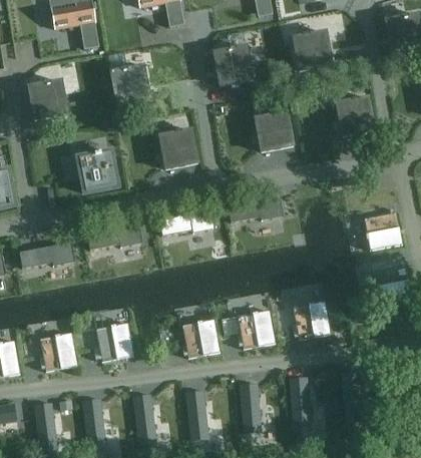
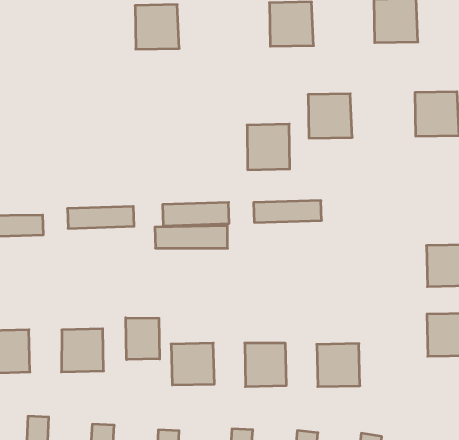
building: [30,79,69,119] -> none
building: [160,128,198,168] -> [247,124,290,170]
building: [72,150,117,193] -> none
building: none -> [126,318,160,360]

